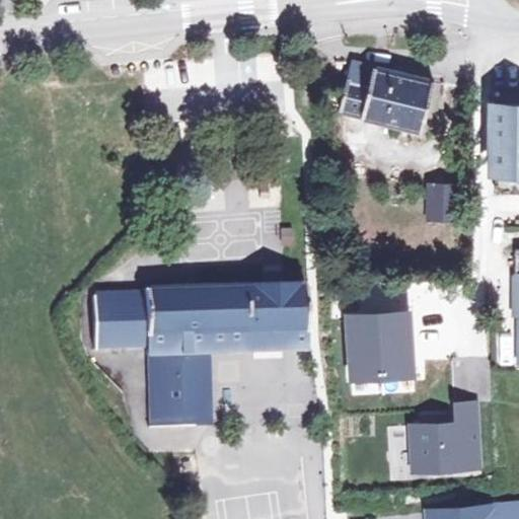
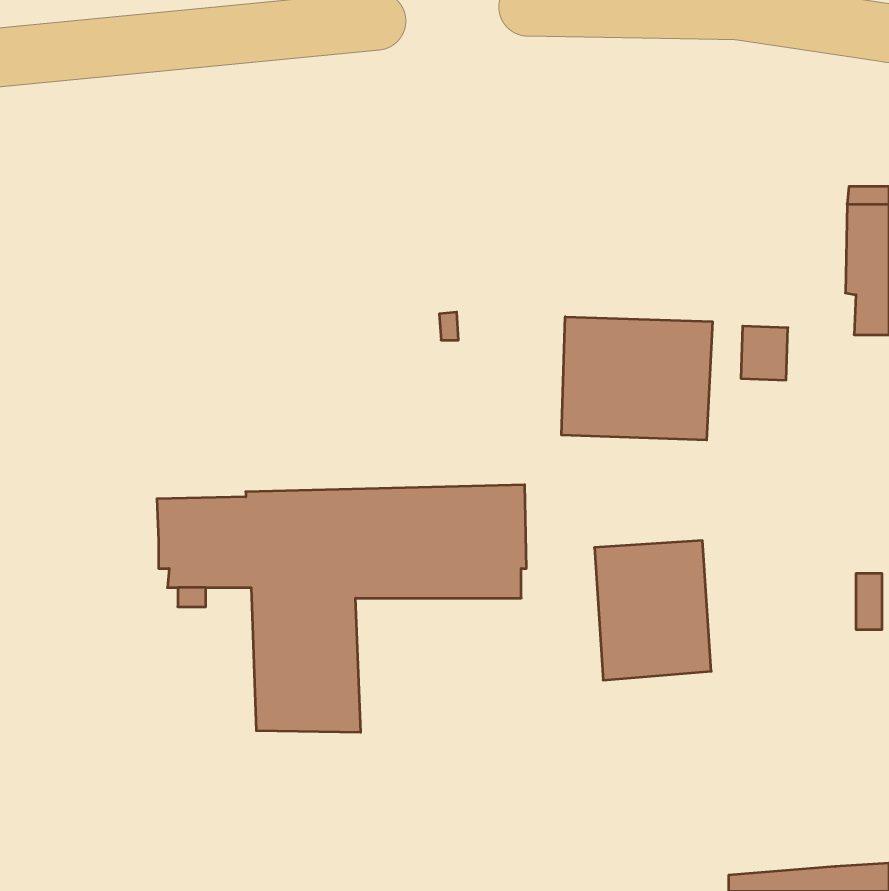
building: [338,60,437,131] -> none
building: none -> [562,317,712,440]
building: [413,402,478,468] -> none

